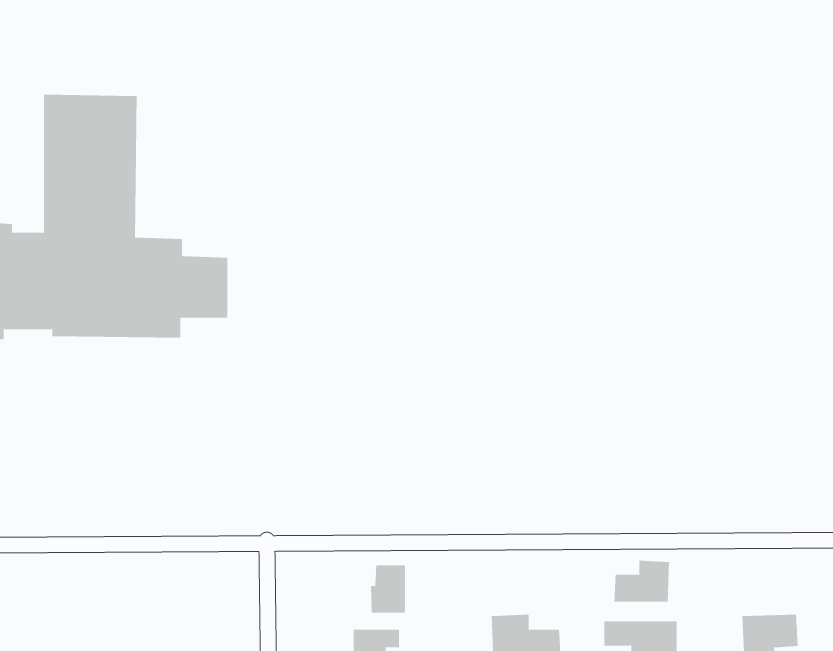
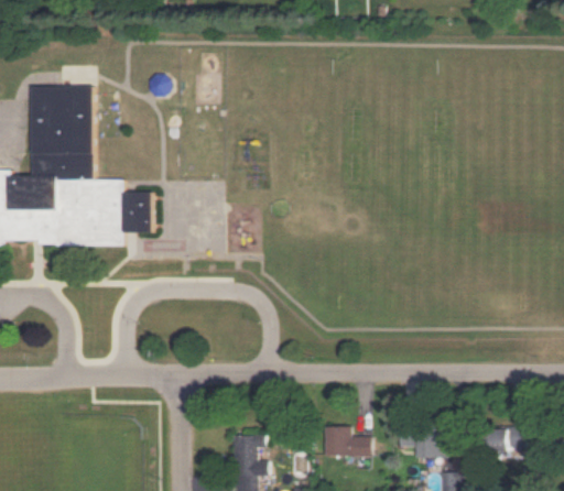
building: [614,560,669,602] -> none
building: [370,564,405,614] -> none

